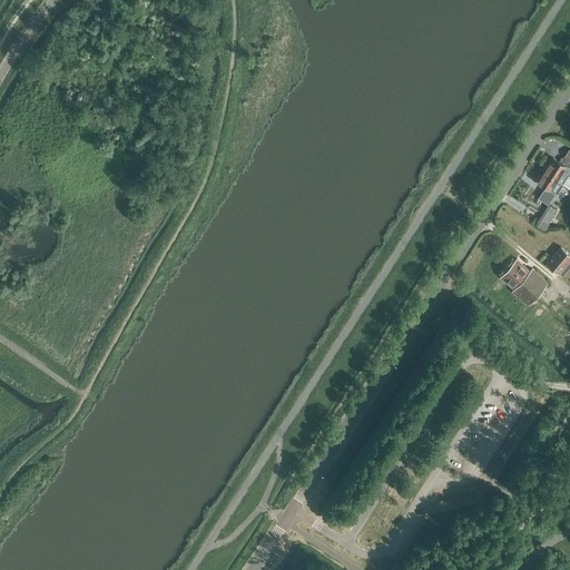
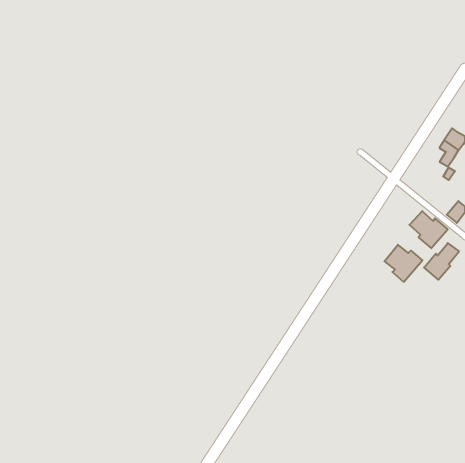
building: none -> [424,243,459,280]
building: none -> [384,245,422,282]

